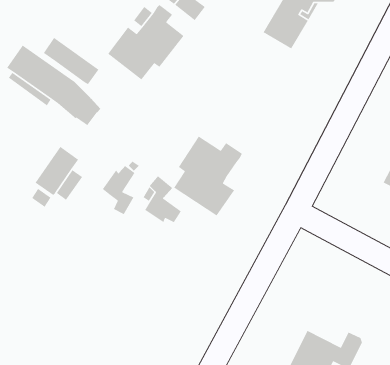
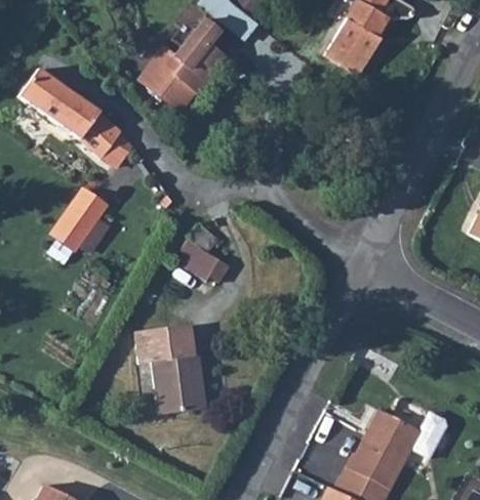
building: [43,37,100,85] -> none
building: [173,136,243,217] -> none
building: [102,165,136,215] -> none
building: none -> [135,324,205,413]

